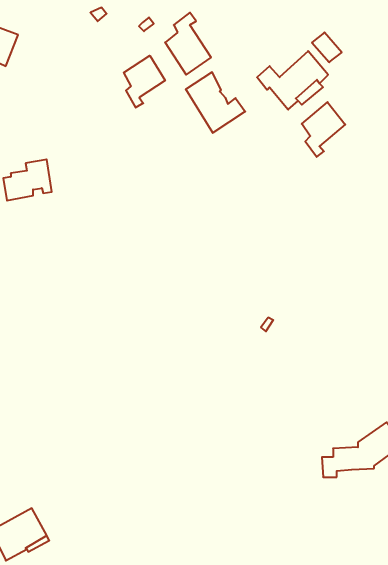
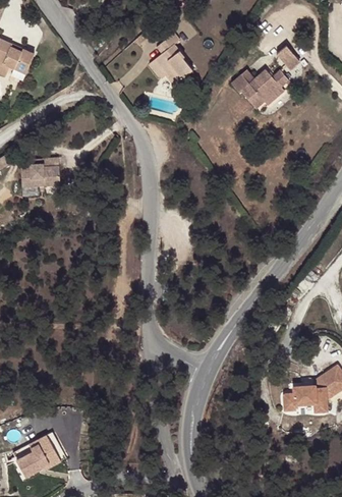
building: [124,56,165,108] -> none
building: [186,72,245,133] -> none
building: [302,102,345,157] -> none

